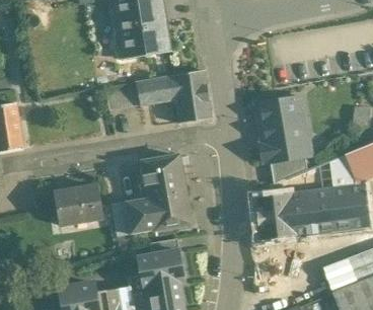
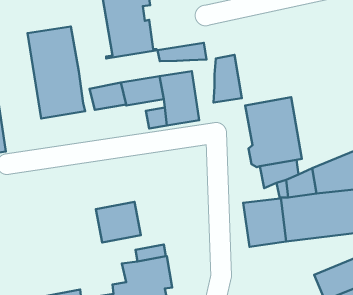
building: none -> [28,26,85,118]
building: none -> [157,43,206,61]
building: none -> [213,55,242,103]
building: [142,154,191,229] -> none
building: [54,185,102,224] -> none

